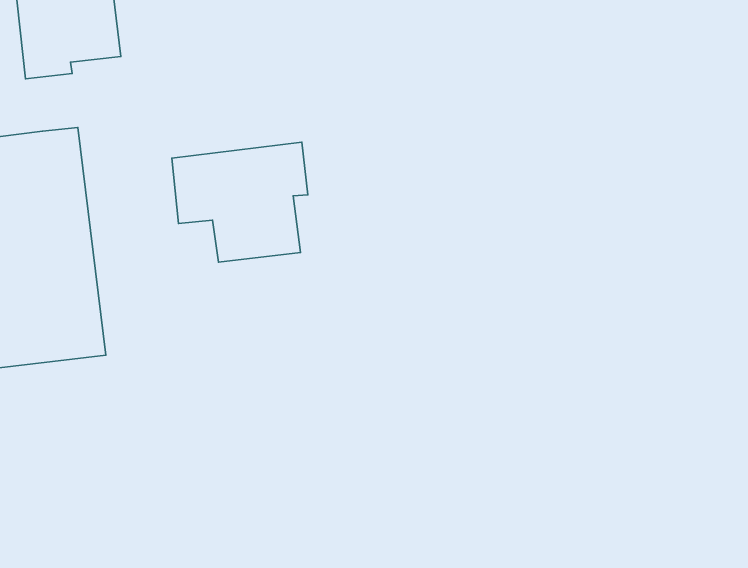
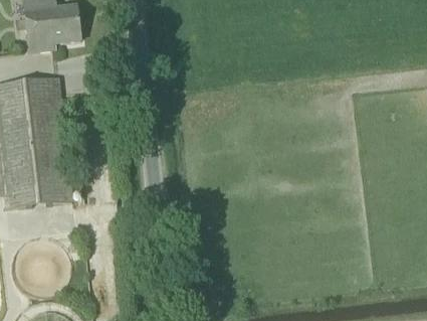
building: [172,142,308,262] -> none

